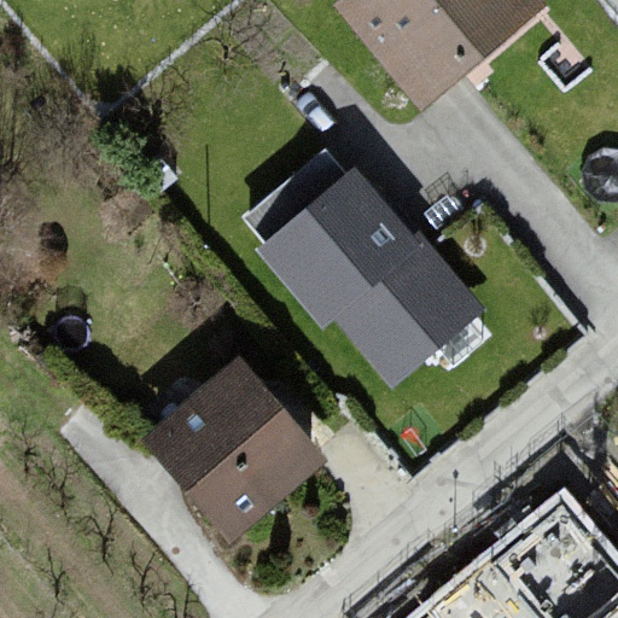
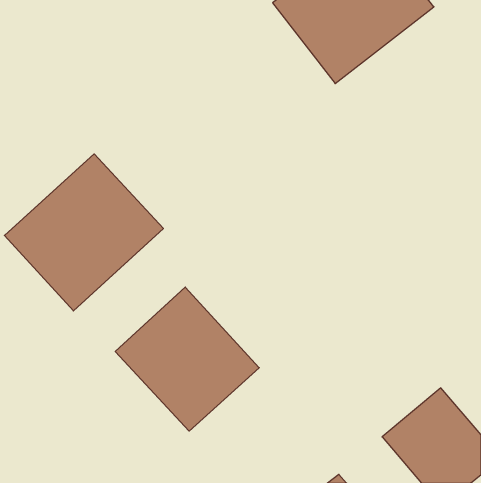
building: [260,165,473,383] -> none
building: none -> [4,154,163,311]

